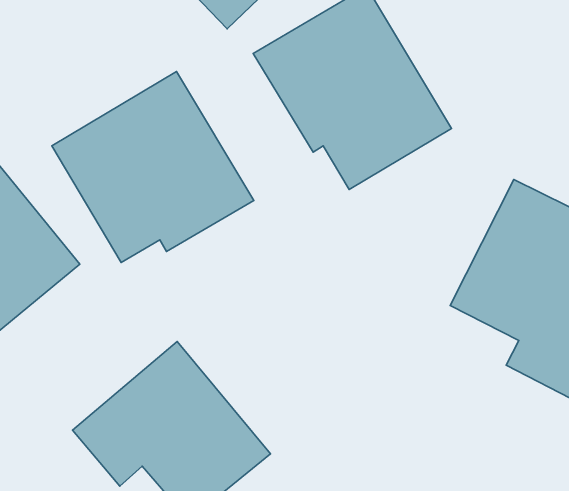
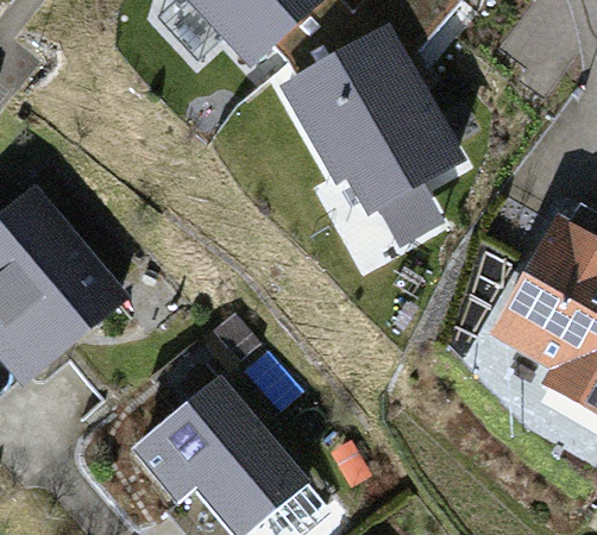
building: [52,71,254,263] -> none

